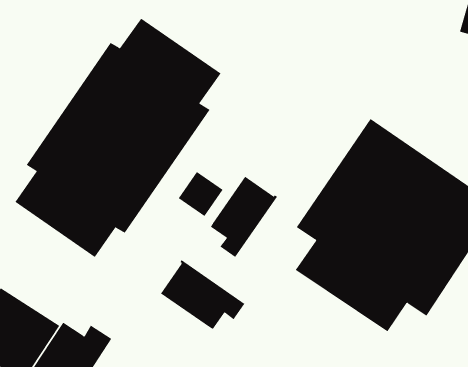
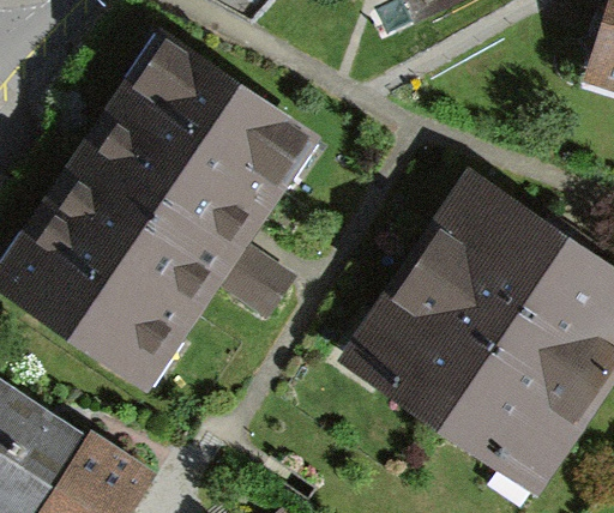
building: [210,176,278,258] -> none
building: [160,259,245,330] -> none

